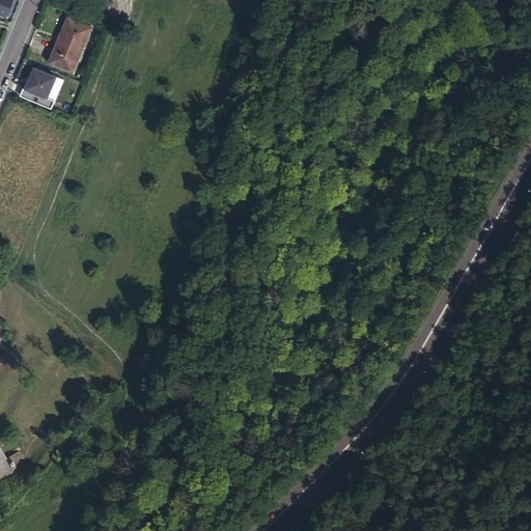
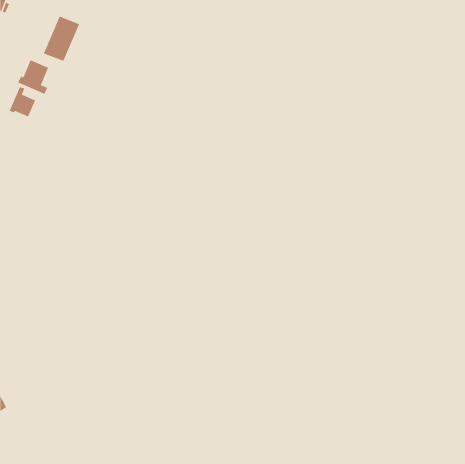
building: none -> [9,86,36,118]

